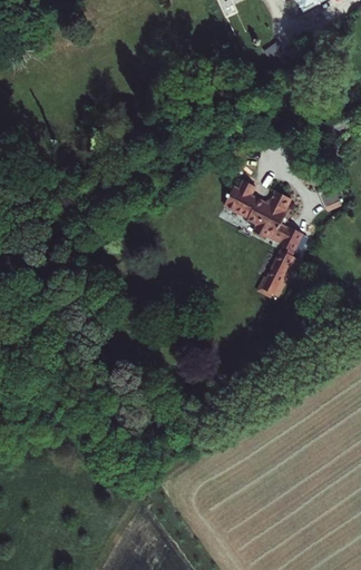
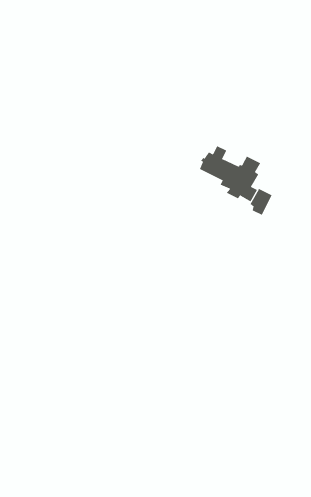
building: [255,248,295,295] -> none

